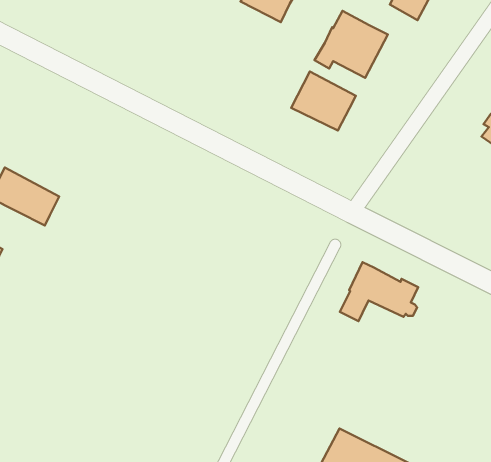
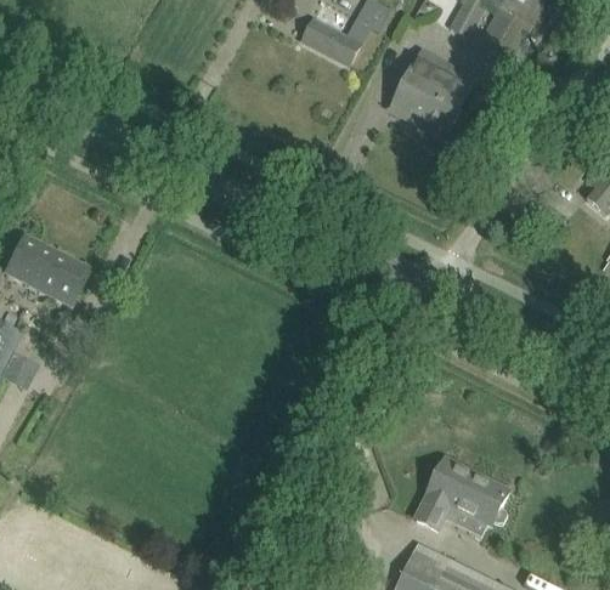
building: [291,71,356,131] -> none
building: [340,262,418,321] -> [414,461,507,531]

